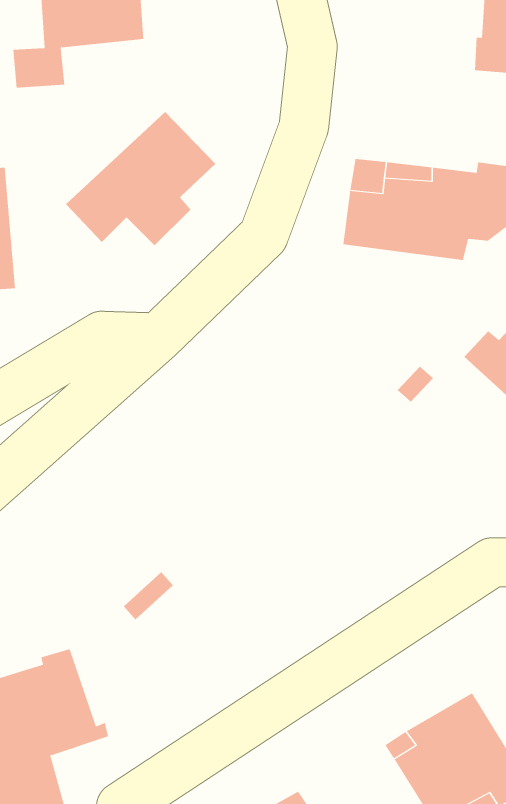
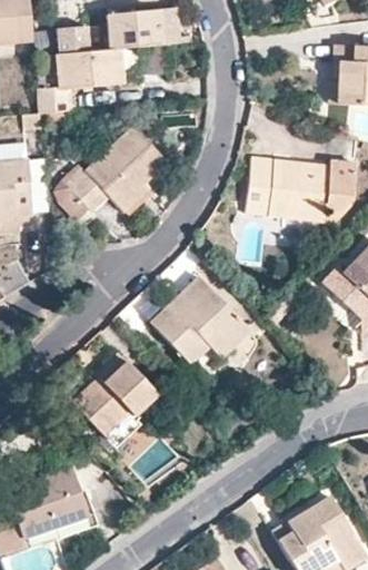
building: none -> [152,276,248,363]
building: none -> [74,354,155,433]

